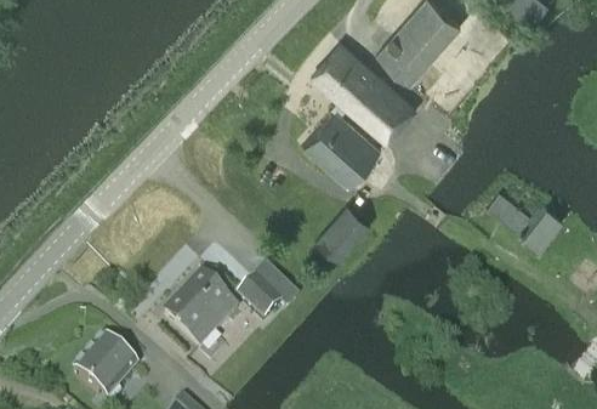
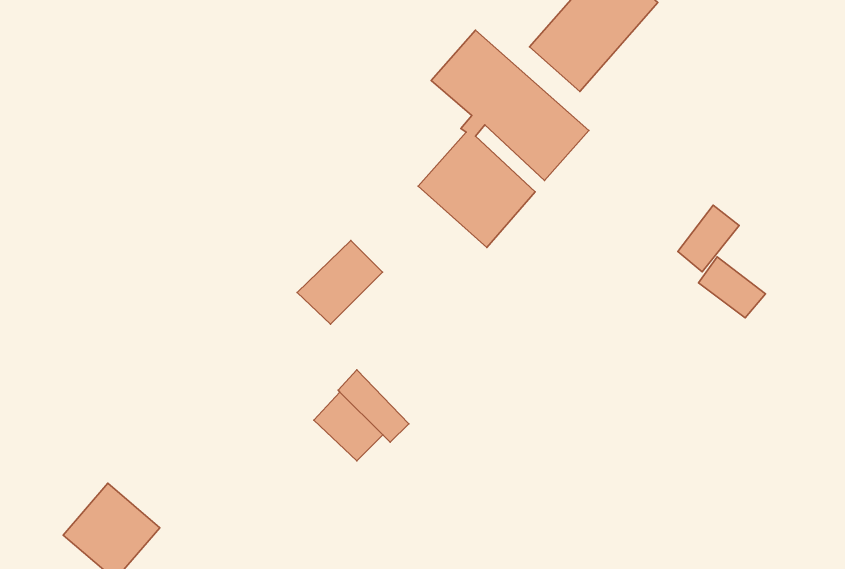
building: [317,205,373,260] -> [297,241,383,324]
building: [522,205,562,249] -> [678,205,739,272]
building: [164,277,237,350] -> none

